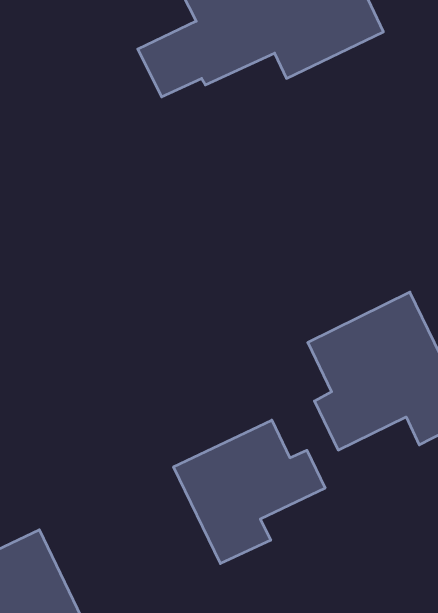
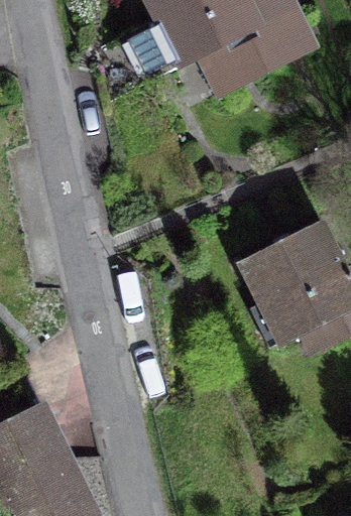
building: [174,420,325,564] -> none

